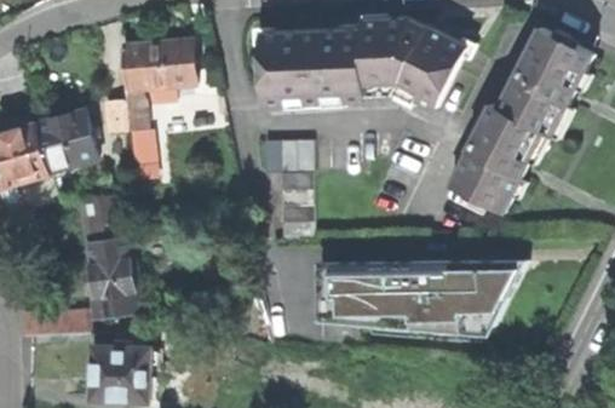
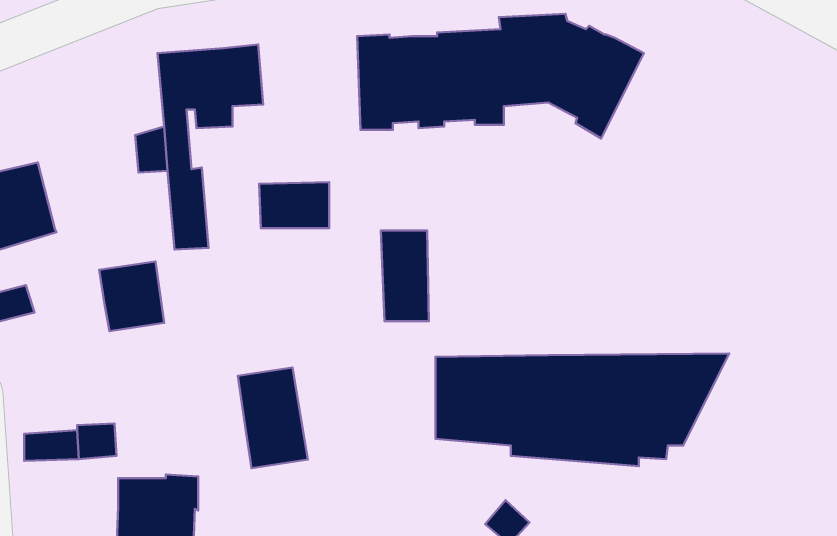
building: [449,24,594,209] -> none
building: [36,109,98,169] -> none
building: [263,138,312,171] -> [259,182,329,228]
building: [87,236,137,308] -> [238,367,308,468]

